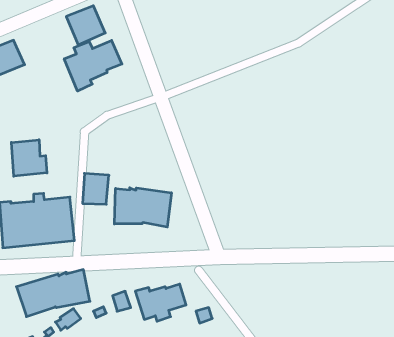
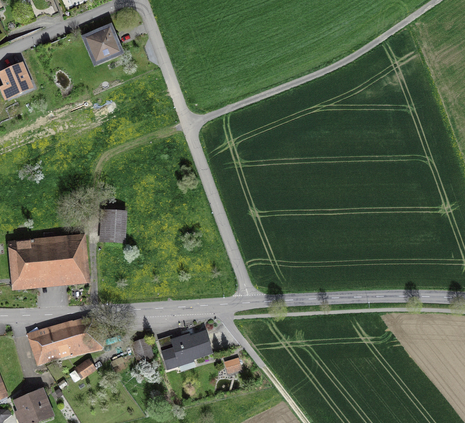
building: [64,40,122,91] -> none
building: [11,140,47,176] -> none
building: [114,188,171,227] -> none

